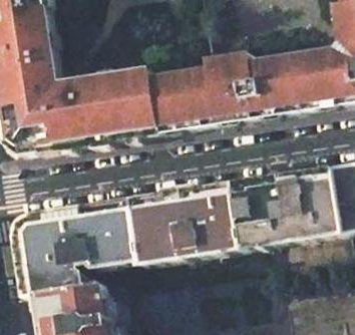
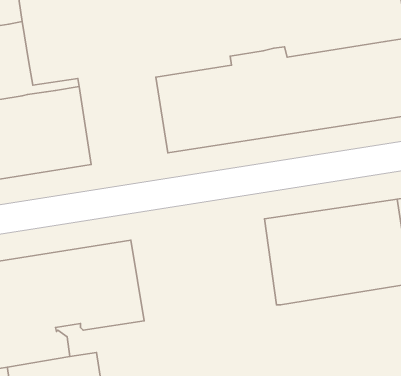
building: [88,67,156,141] -> none
building: [128,183,239,264] -> none

